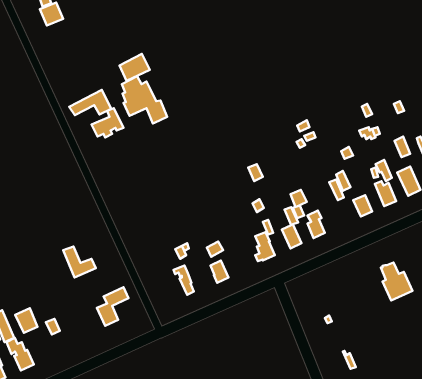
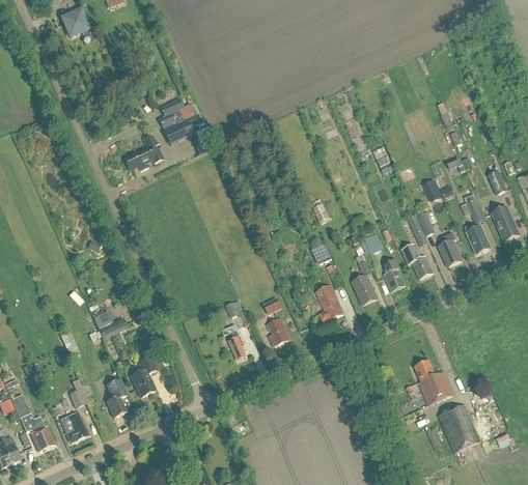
building: [119,54,150,81] -> none
building: [69,90,111,115] -> none
building: none -> [401,244,433,278]
building: [381,263,413,300] -> [416,361,454,406]
building: [15,308,37,333] -> [59,411,86,441]
building: none -> [106,378,127,417]
building: none -> [439,407,479,455]

